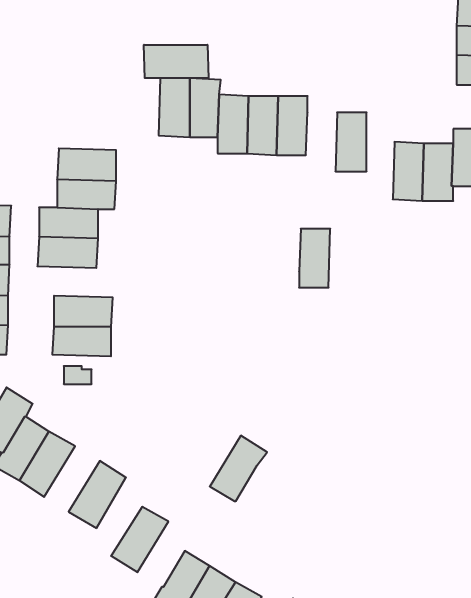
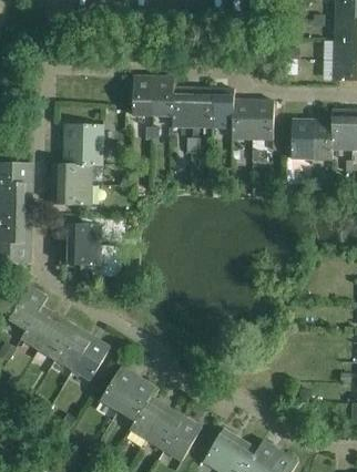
building: [144,45,208,78] -> none
building: [299,229,330,288] -> [233,99,254,138]
building: [210,436,267,501] -> [119,376,157,420]
building: none -> [55,325,93,369]

